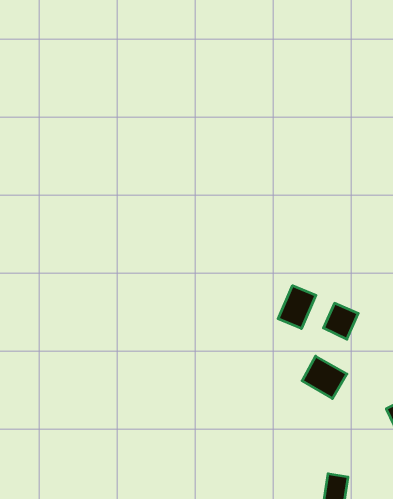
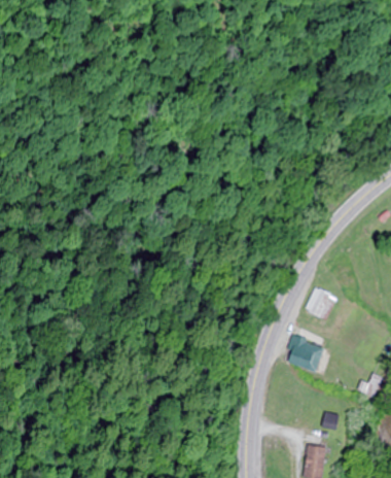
building: [278,286,316,329] -> none

